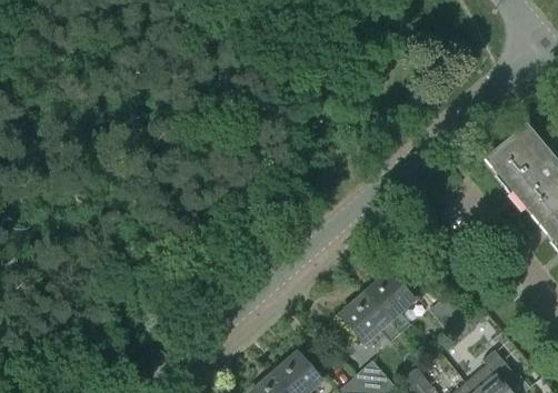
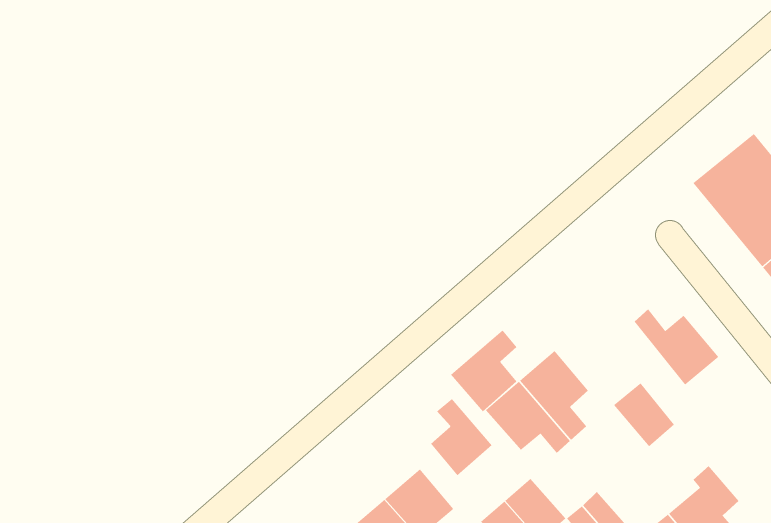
building: none -> [634,308,719,385]
building: none -> [450,329,517,412]
building: none -> [430,398,493,476]

